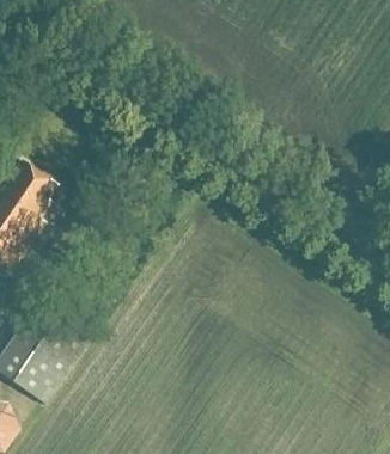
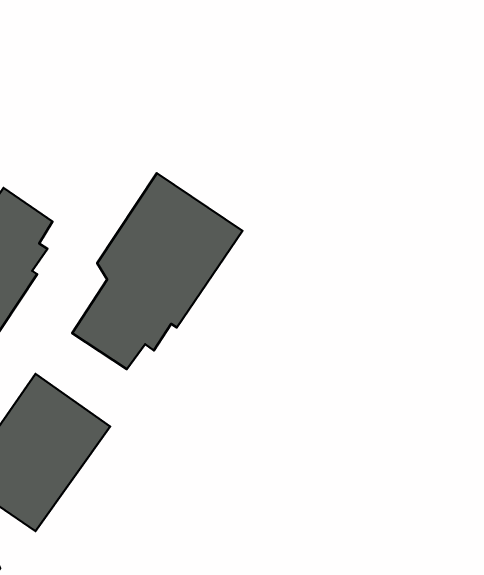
building: none -> [72,173,243,369]

